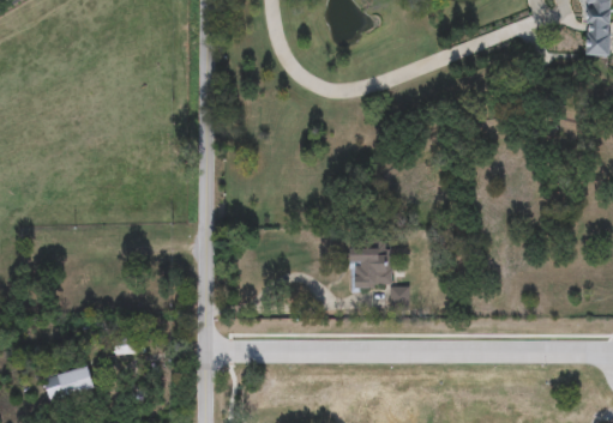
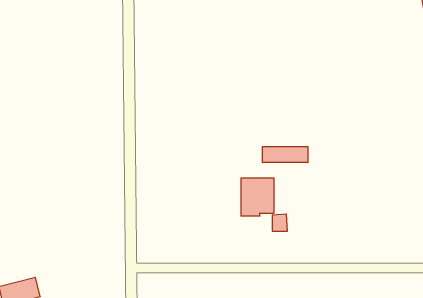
building: none -> [263,147,308,163]

